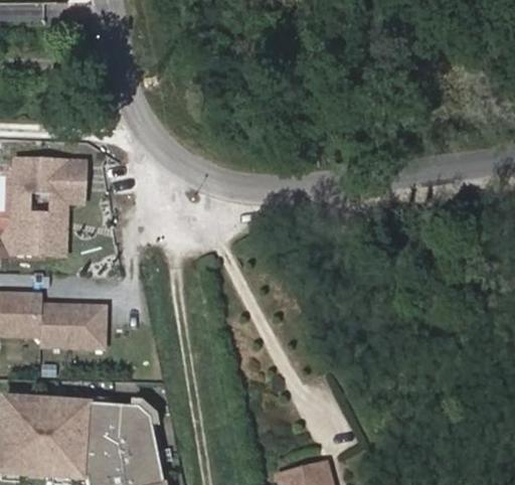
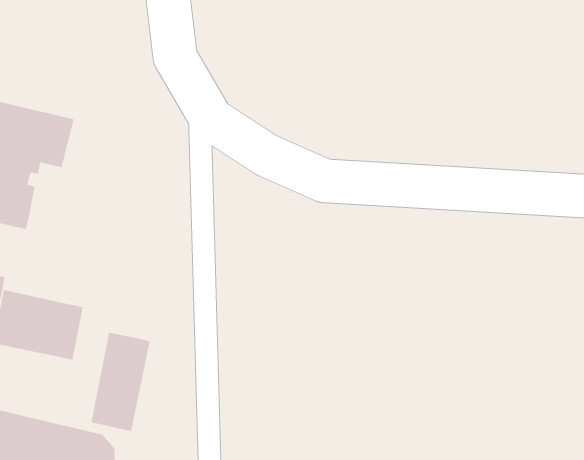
building: none -> [91,332,150,432]

